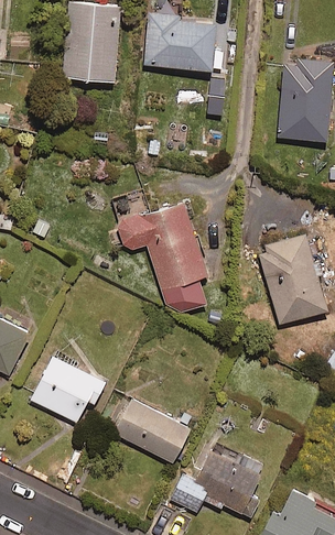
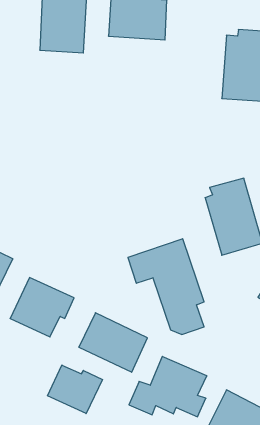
building: [118,200,208,314] -> [128,239,204,334]
building: none -> [47,365,103,414]

